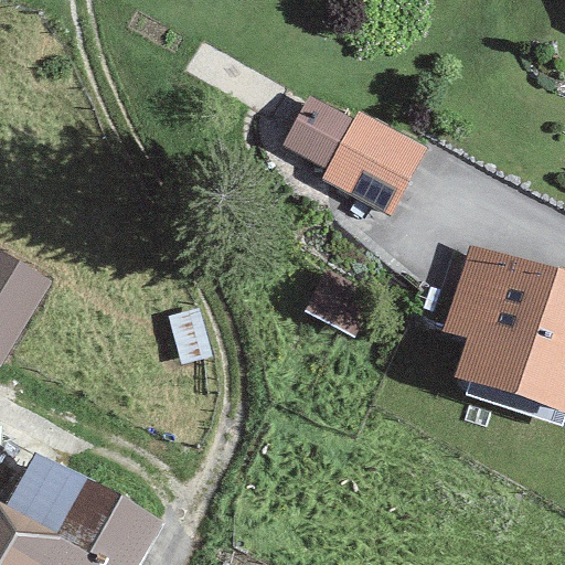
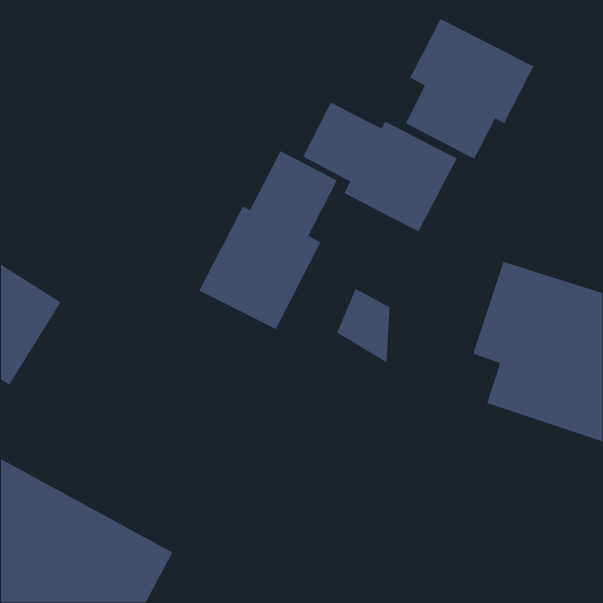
building: none -> [405,18,534,160]
building: none -> [198,150,338,330]

